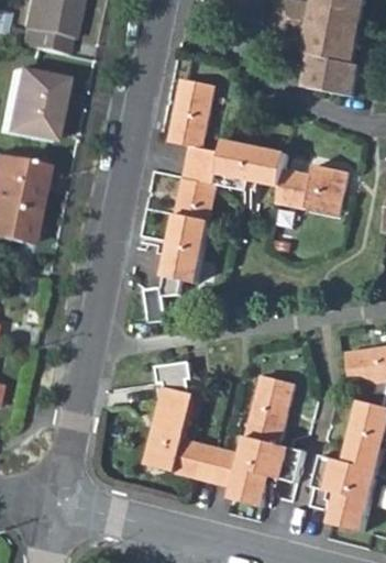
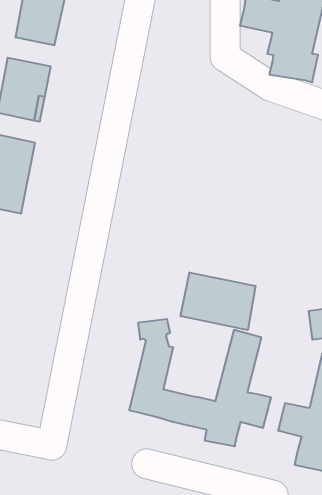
building: [146,77,350,321] -> none
building: none -> [181,272,256,330]

